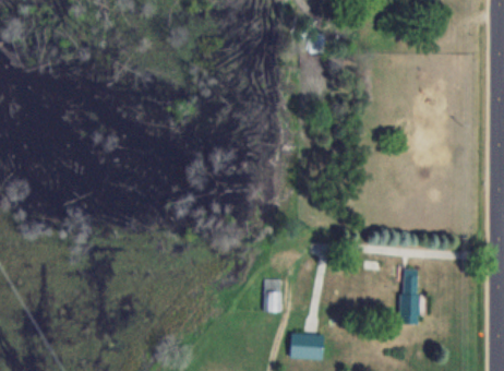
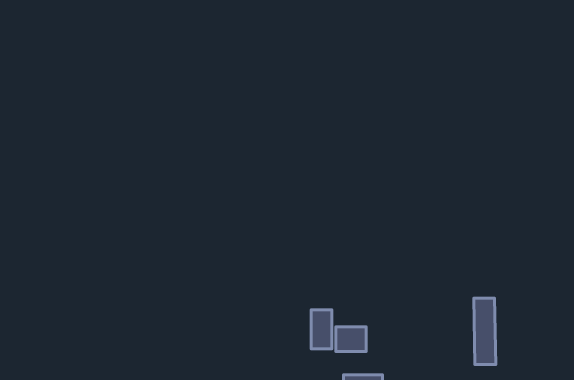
building: none -> [336,327,366,352]

